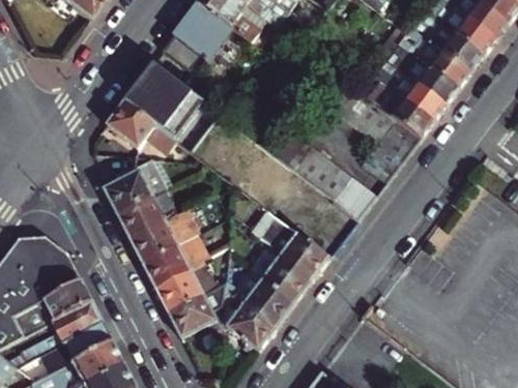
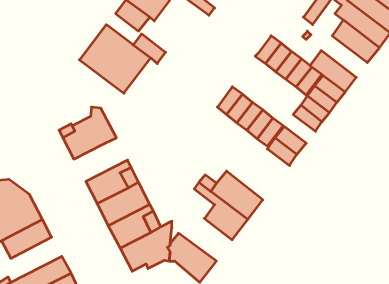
building: [391,73,445,122] -> none
building: [107,102,173,151] -> none
building: [117,189,177,238] -> none
building: [234,279,294,327] -> none
building: [51,300,104,344] -> none

